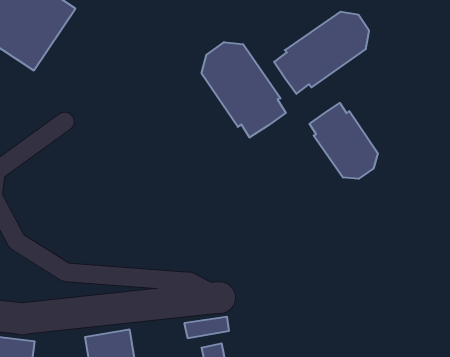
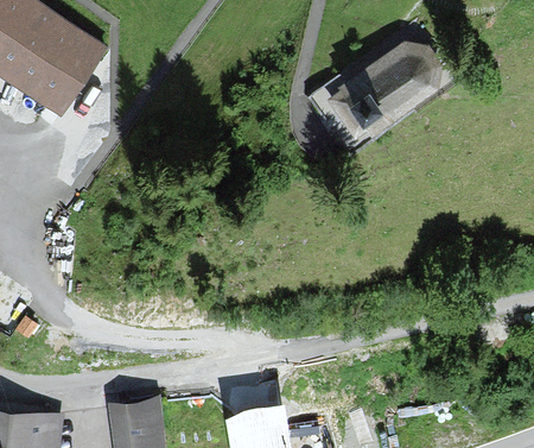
building: [202,42,286,138] -> none
building: [310,103,378,179] -> none

